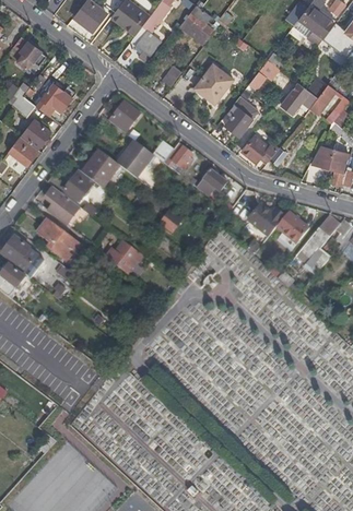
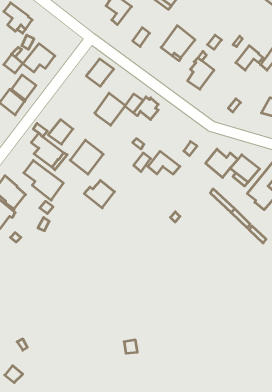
building: [242,135,278,163] -> none
building: [82,148,120,188] -> [70,140,103,174]
building: [196,169,233,195] -> [148,151,180,174]

